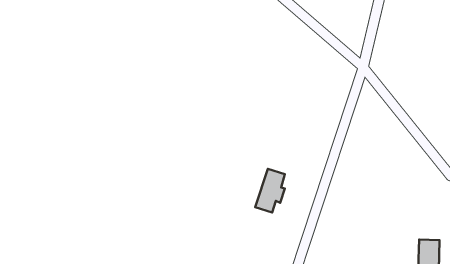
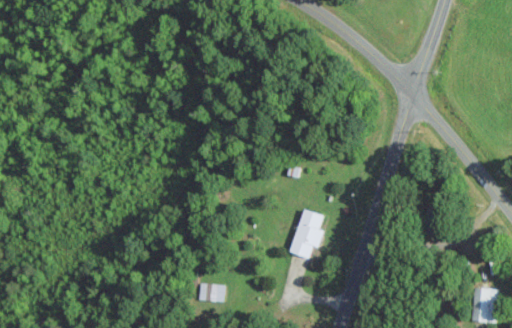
building: none -> [198,283,223,301]

